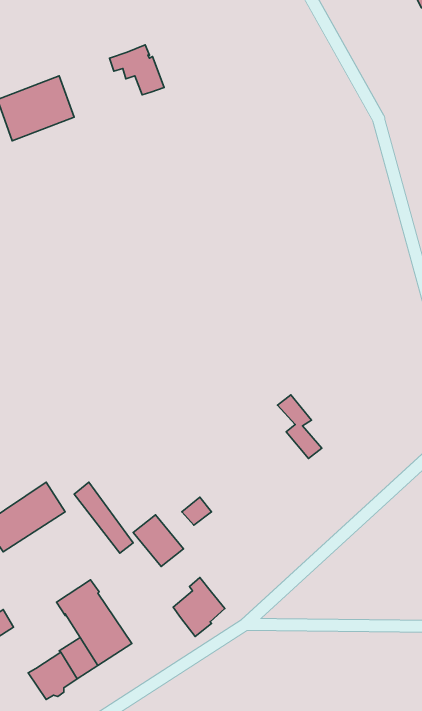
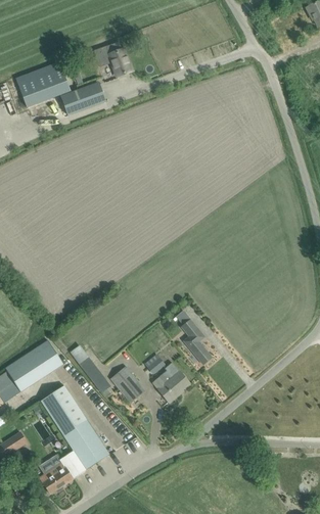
building: none -> [59,82,104,115]
building: [277,395,322,458] -> [180,320,211,364]
building: none -> [40,385,80,426]
building: [173,578,225,637] -> [152,362,188,403]

